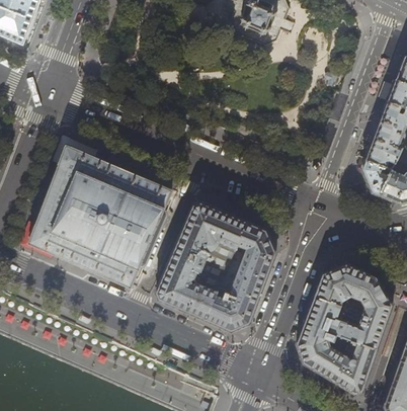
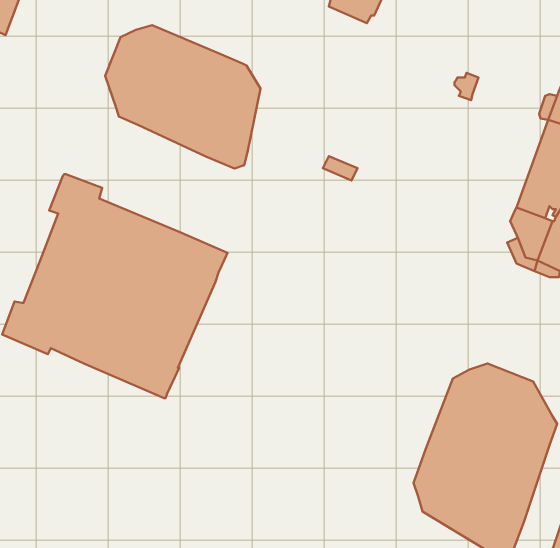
building: none -> [105,25,261,169]
building: [157,202,277,332] -> none

